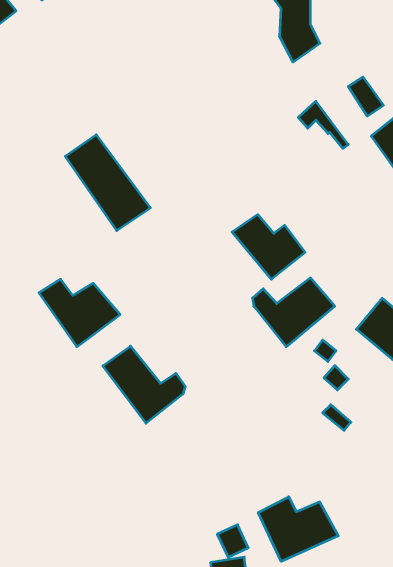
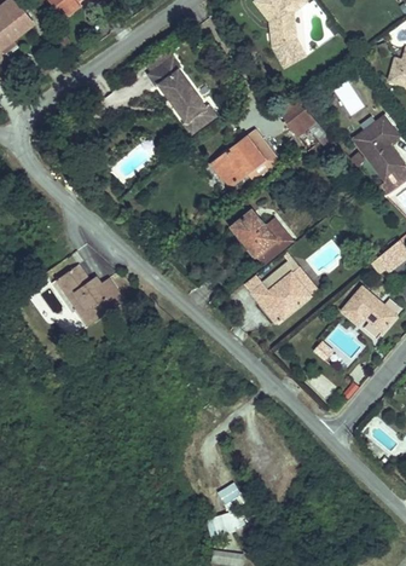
building: none -> [210,134,265,187]
building: [65,135,150,231] -> [145,51,221,137]
building: [103,346,185,423] -> none
building: [258,497,338,561] -> none

